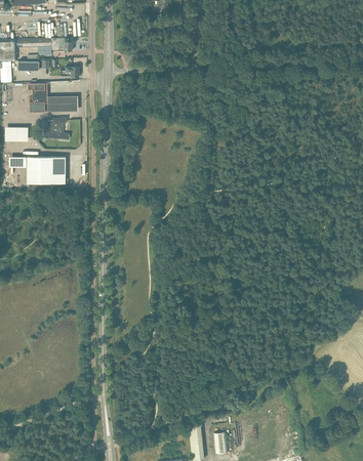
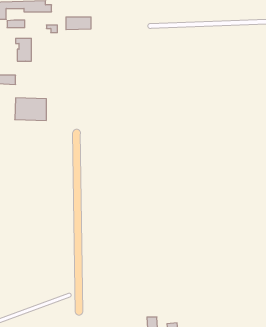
building: [47,97,78,113] -> [66,17,91,30]
building: [43,117,70,138] -> none

